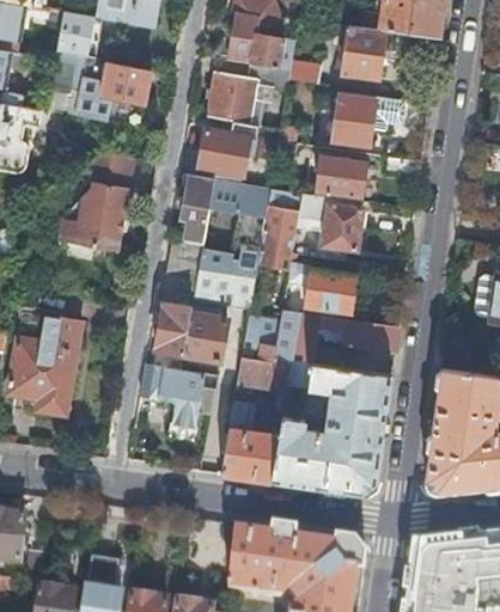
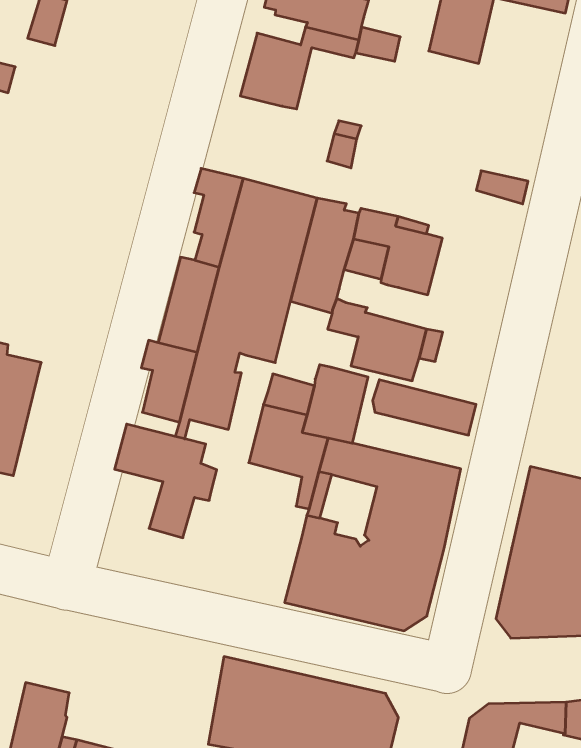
building: [75,63,151,123] -> none
building: [333,92,406,148] -> none
building: [200,123,260,177] -> none
building: [60,154,134,250] -> none
building: [318,155,367,196] -> none
building: [221,404,280,483] -> none

